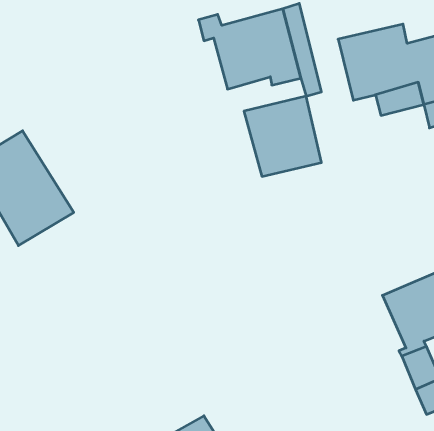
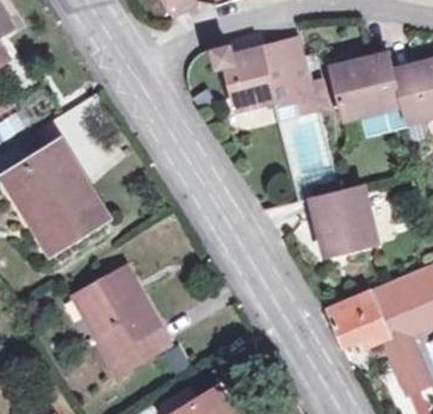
building: [244,96,321,176] -> [309,185,376,254]
building: none -> [76,270,166,371]
building: none -> [326,288,390,344]

